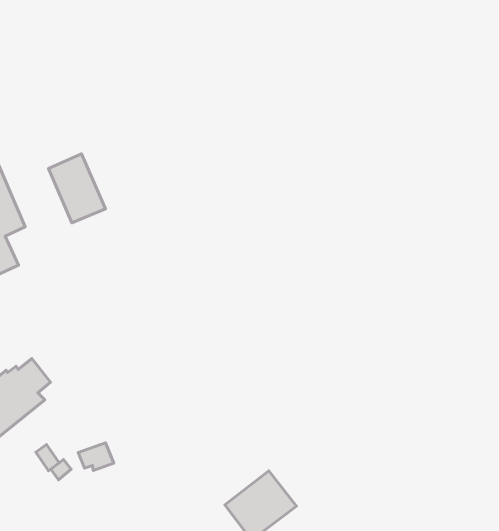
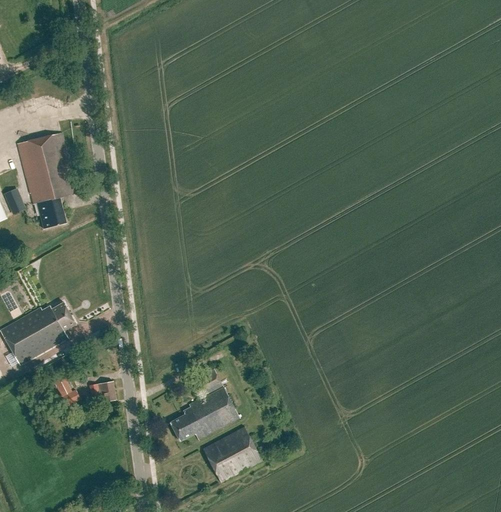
building: [49,154,106,223] -> none
building: none -> [169,368,239,441]

